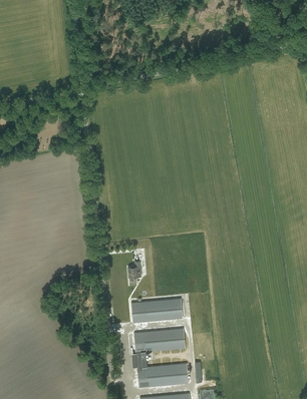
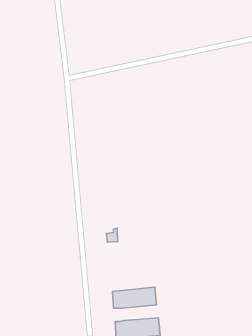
building: [131,298,183,323] -> none

